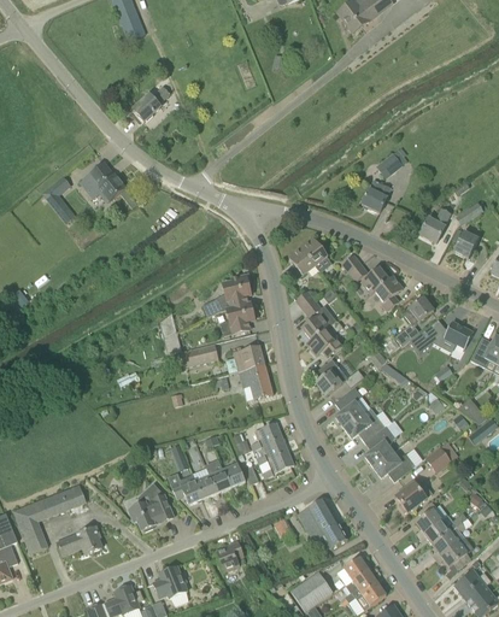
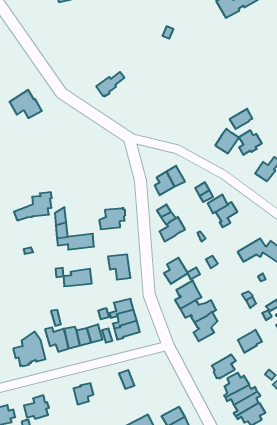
building: [134,86,170,121] -> [96,72,124,96]
building: none -> [239,130,262,155]
building: [201,274,251,317] -> [14,192,52,220]
building: [395,298,434,346] -> none
building: [306,319,344,355] -> none
building: [225,345,264,372] -> [64,269,92,286]
building: [374,452,415,482] -> none
building: [298,498,347,548] -> none

